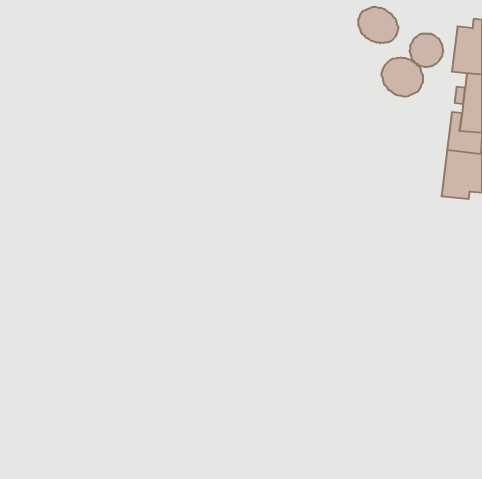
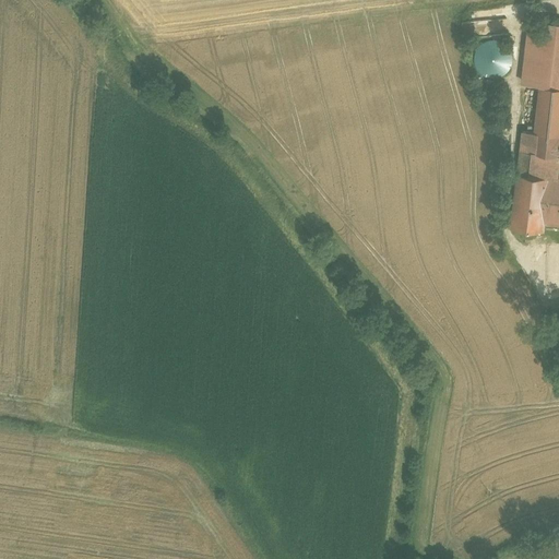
building: [358,7,398,43] -> none
building: [382,57,423,97] -> none

